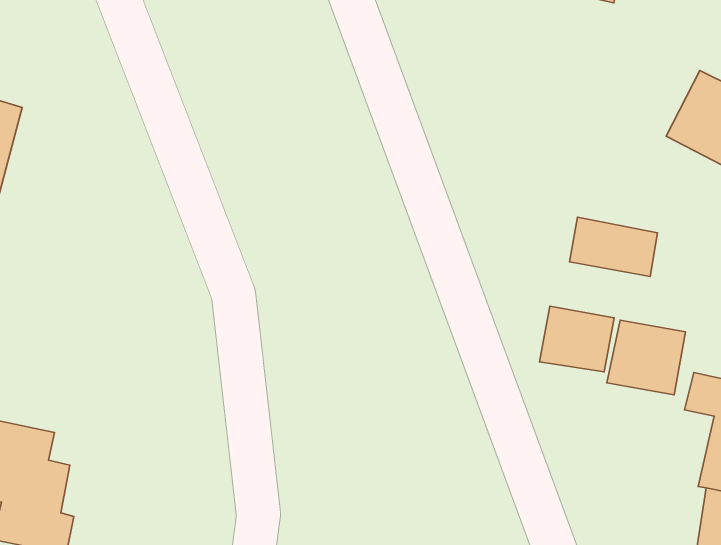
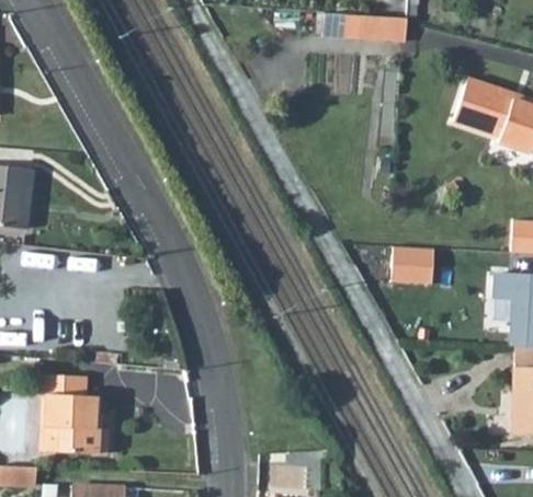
building: [570,217,658,276] -> none
building: [607,320,686,395] -> none

